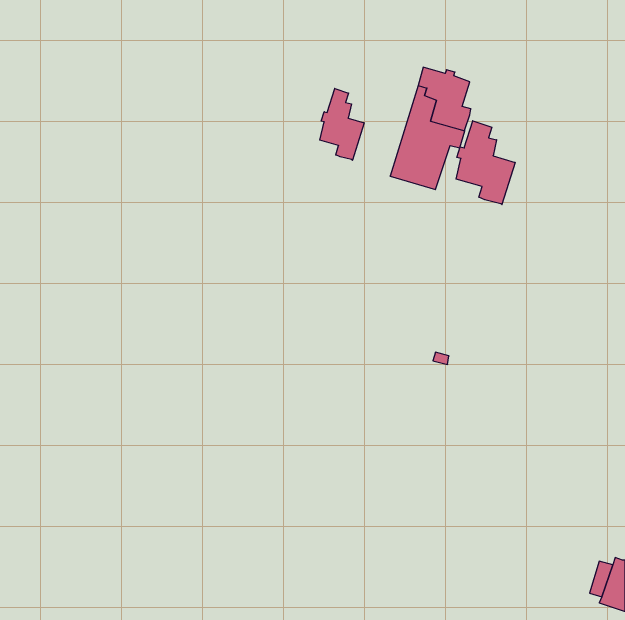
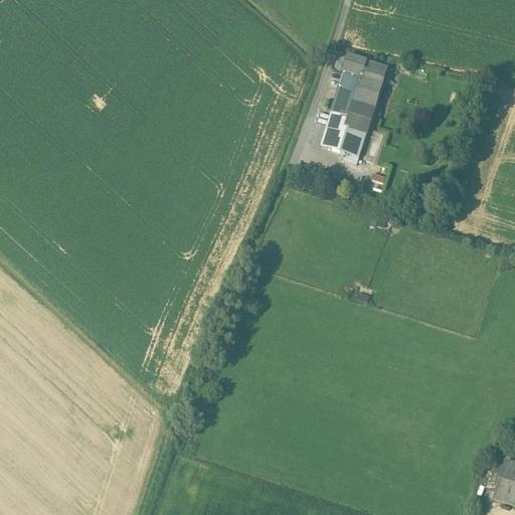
building: [320,88,364,160] -> none
building: [456,121,515,205] -> none

